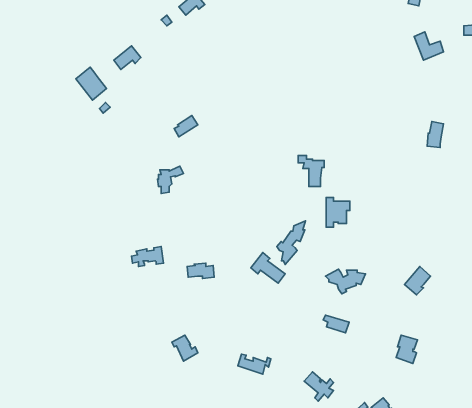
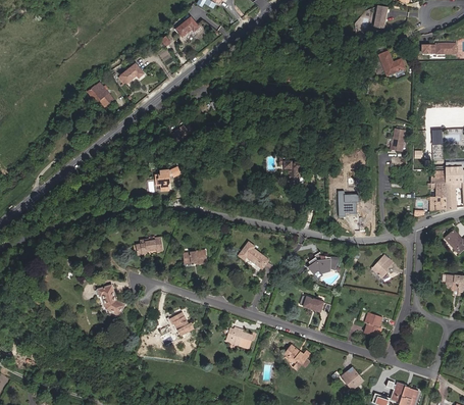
building: [326,198,350,227] -> [340,191,360,216]
building: [277,221,306,265] -> none
building: none -> [98,285,124,314]

